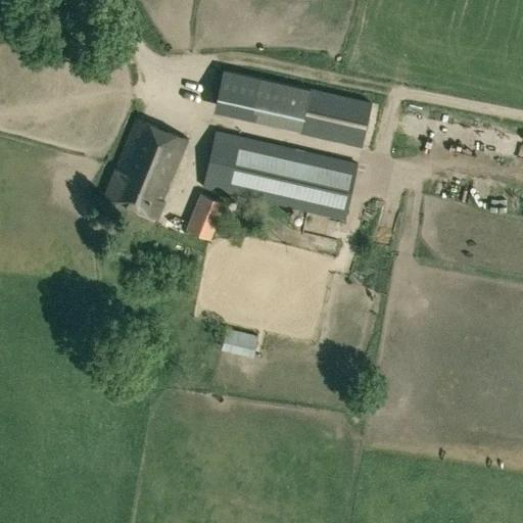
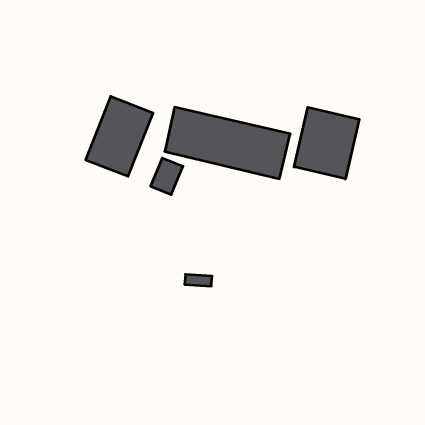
building: [213,69,370,145] -> none
building: none -> [294,107,359,179]

